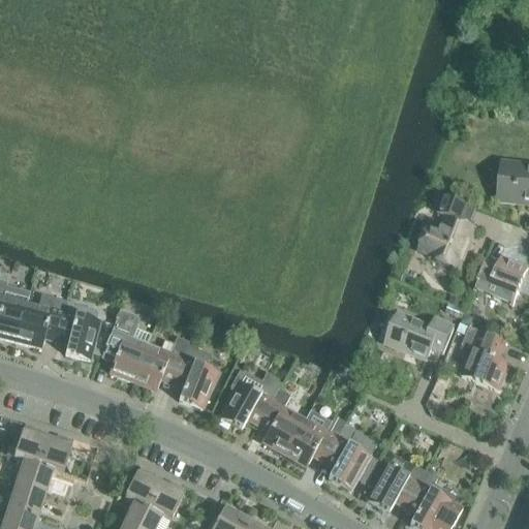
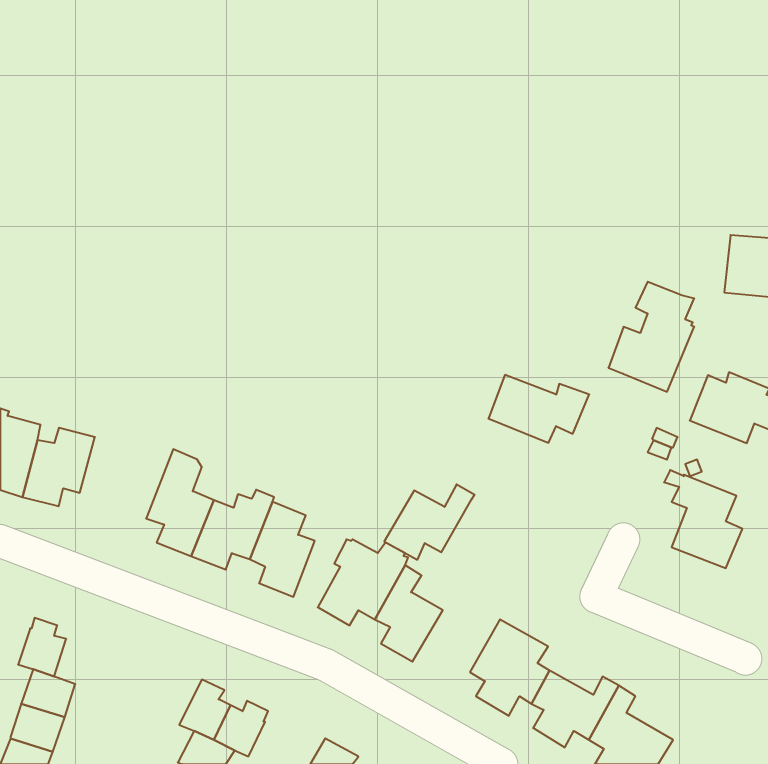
building: [56,300,100,360] -> none
building: [385,312,455,359] -> [488,375,589,443]
building: [284,414,346,466] -> [384,484,475,560]
building: [38,434,72,472] -> none

